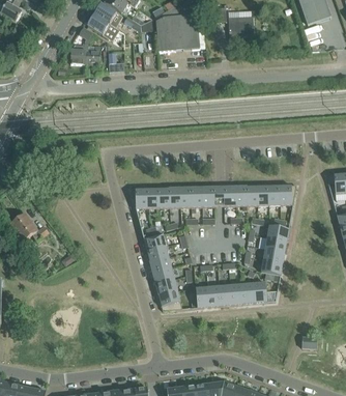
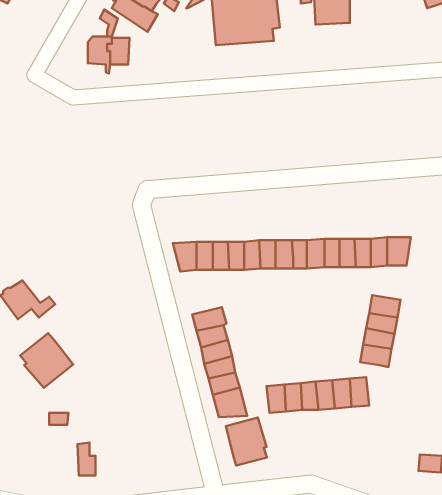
building: none -> [20,333,73,388]
building: none -> [226,418,267,465]

